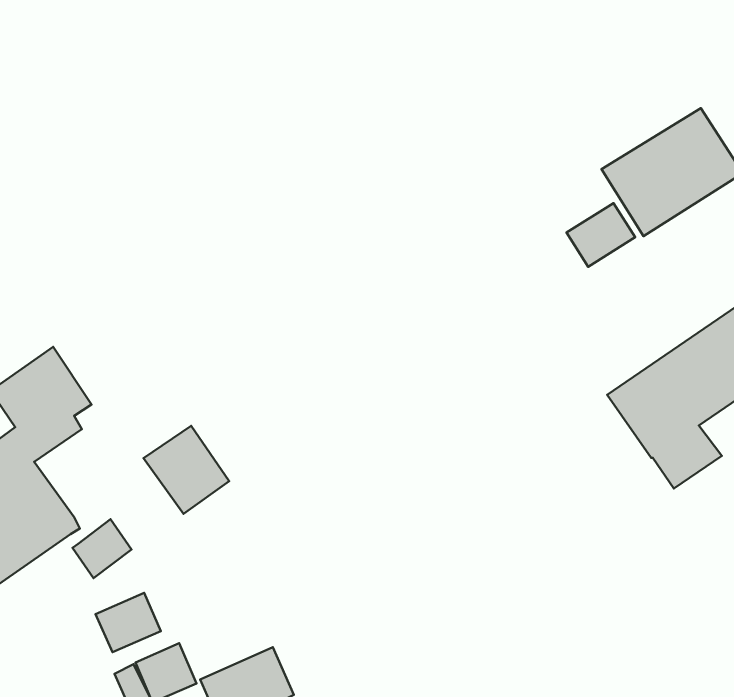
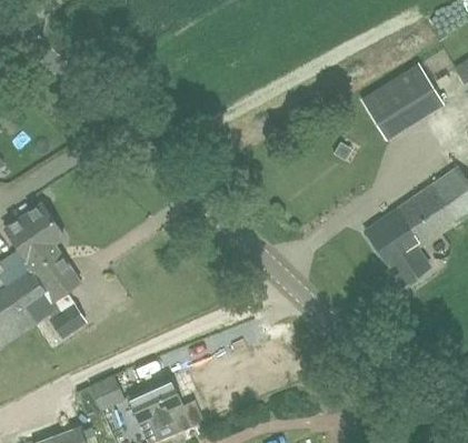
building: [566,203,635,267] -> none
building: [143,426,229,514] -> [30,251,80,302]
building: [96,593,161,652] -> none

